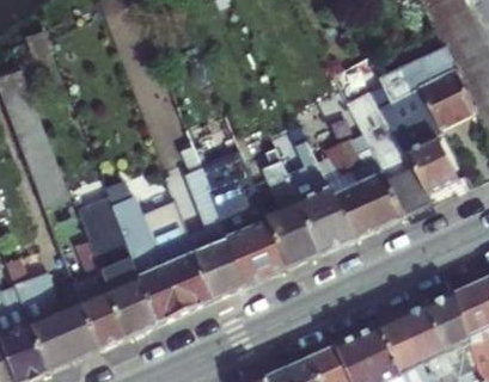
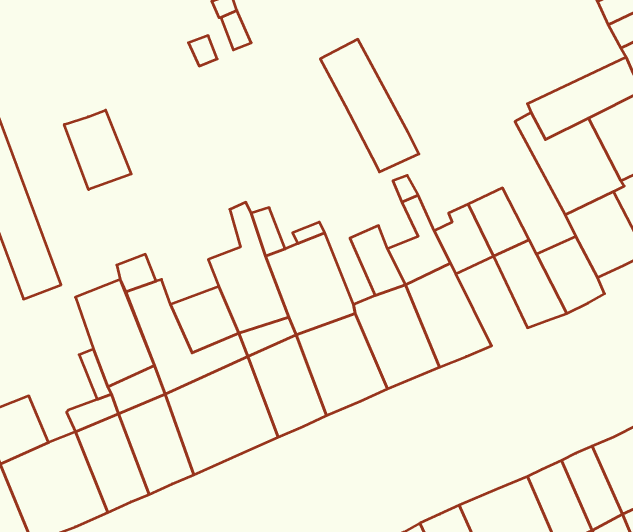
building: none -> [64,110,131,190]
building: [346,90,411,178] -> [320,39,419,172]
building: [331,179,379,239] -> none

